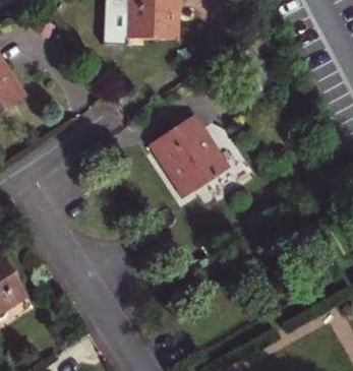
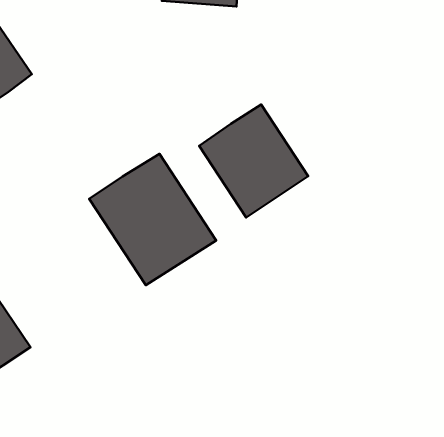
building: none -> [89,154,216,285]

